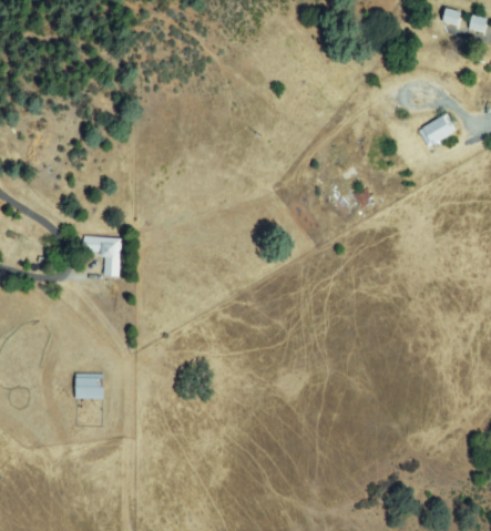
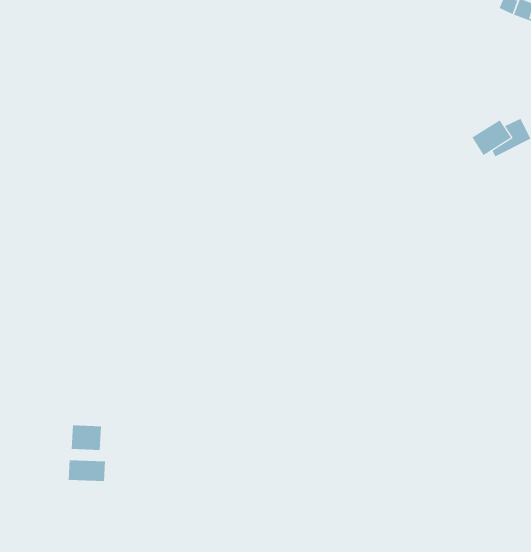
building: [82,237,119,275] -> none
building: none -> [68,459,105,482]

